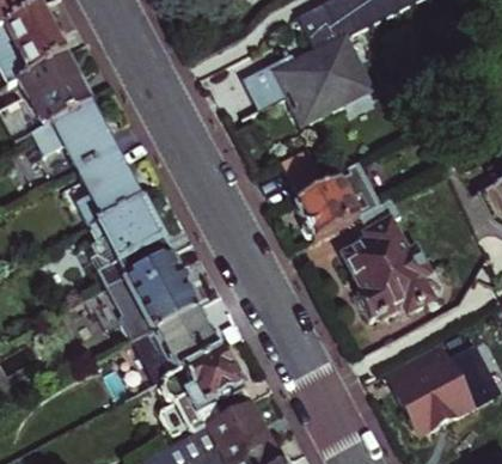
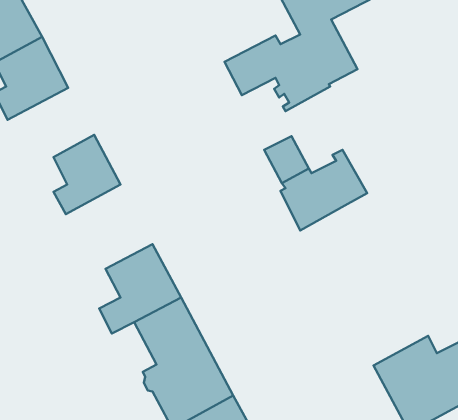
building: [32,102,116,169] -> none
building: [88,195,172,286] -> none
building: [342,196,429,316] -> none

